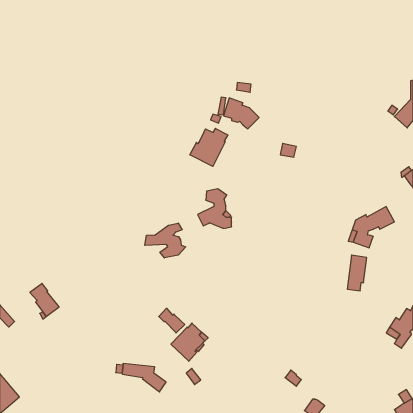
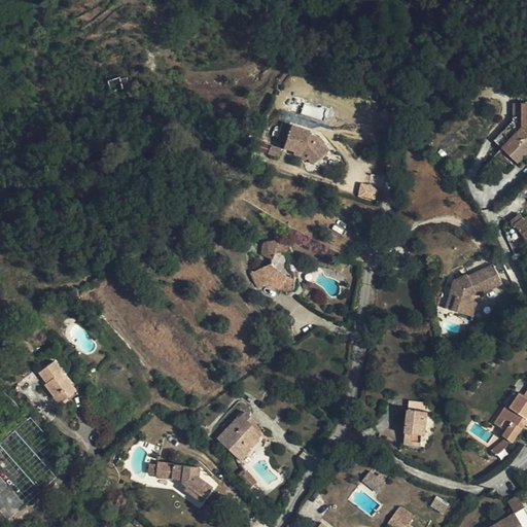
building: [190,128,228,166] -> none
building: [145,223,186,258] -> none
building: [347,255,367,291] -> [402,401,427,447]
building: [159,308,185,333] -> none

